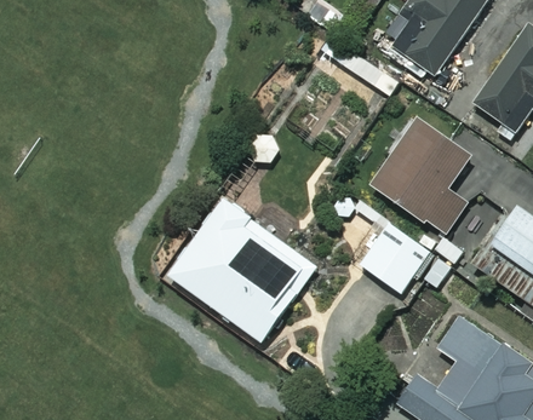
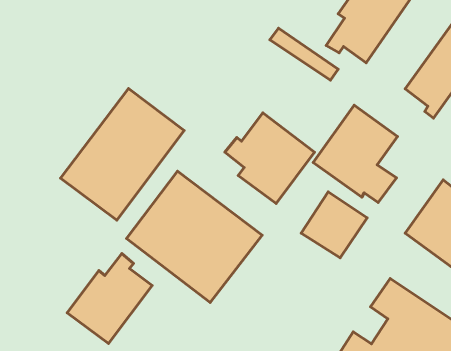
building: none -> [60,88,184,220]
building: none -> [225,113,314,203]
building: none -> [67,253,152,343]

